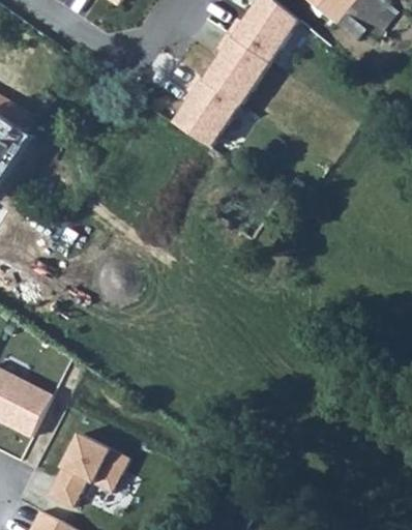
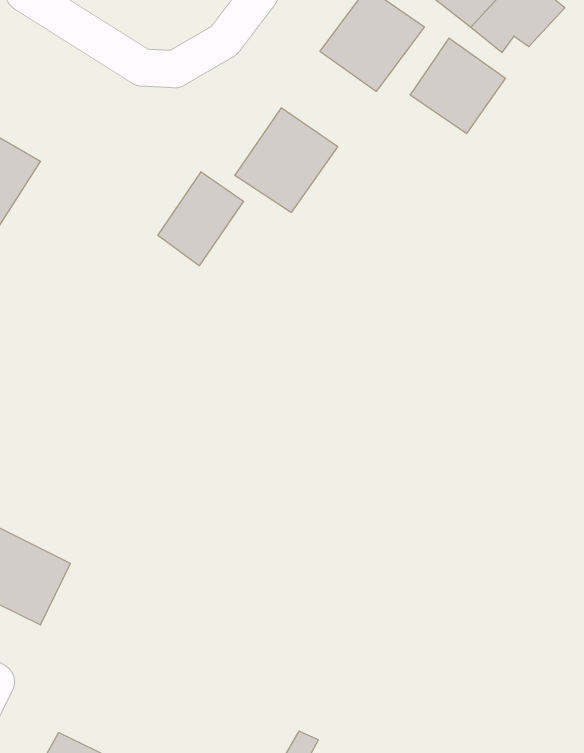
building: [200,39,266,106] -> [410,38,506,134]
building: none -> [158,172,244,266]
building: [57,430,139,503] -> none

